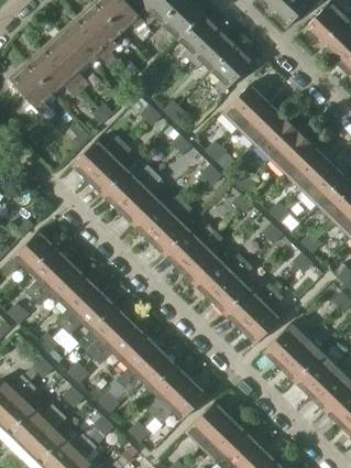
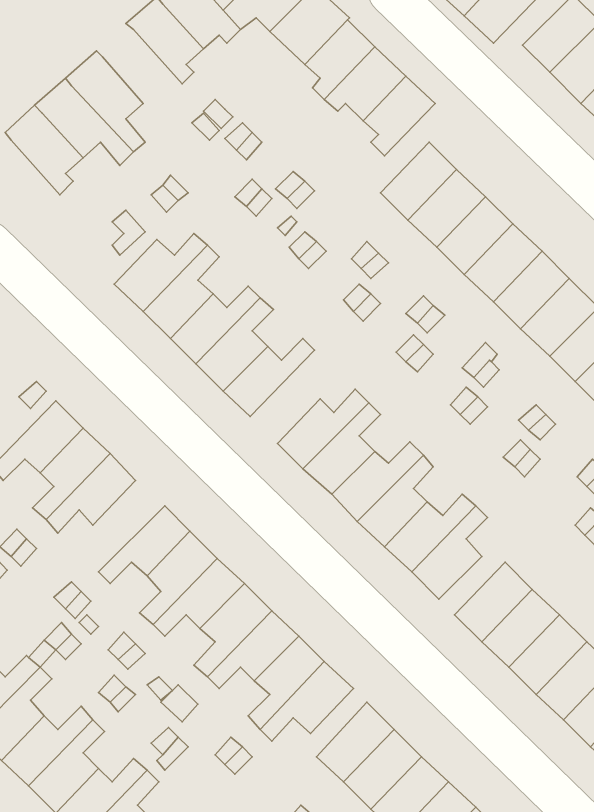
building: [62,17,117,66] -> none
building: [149,202,191,254] -> none
building: [56,275,100,327] -> none

